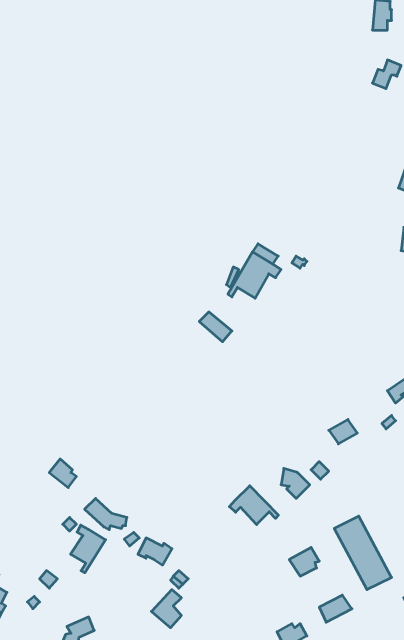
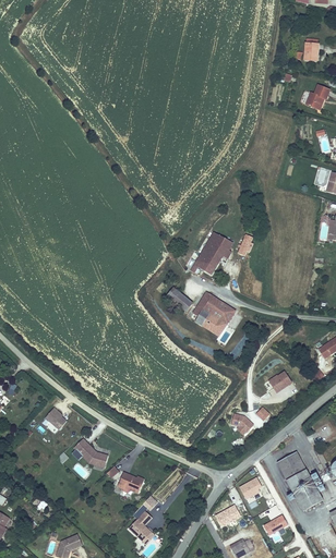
building: none -> [193,293,232,336]
building: [229,486,278,525] -> none
building: [71,525,106,573] -> none

